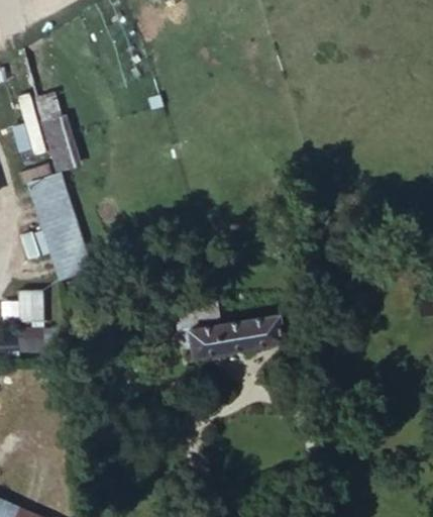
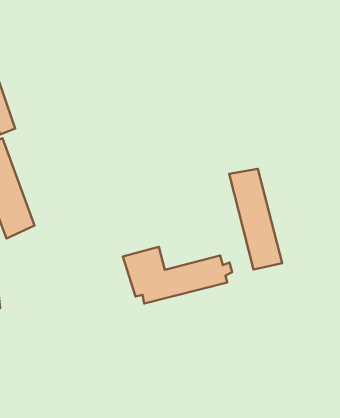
building: none -> [229,169,282,269]

